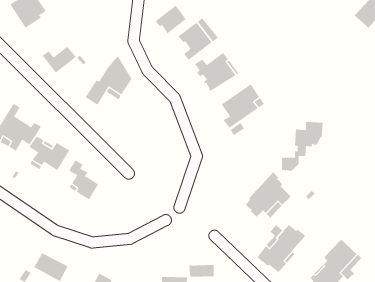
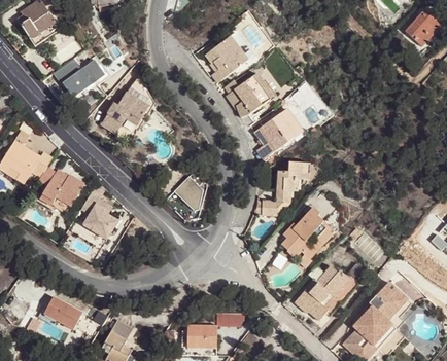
building: [155,5,186,34] -> none
building: [281,121,324,171] -> [263,163,310,218]
building: none -> [174,175,202,211]

